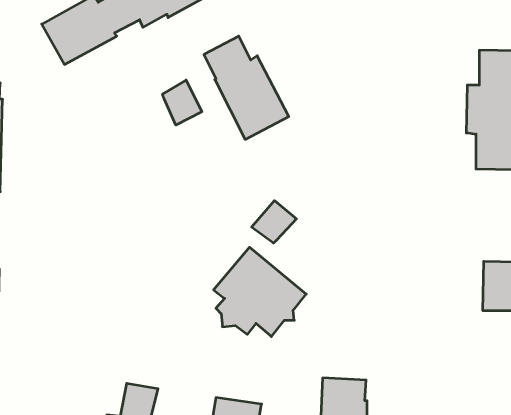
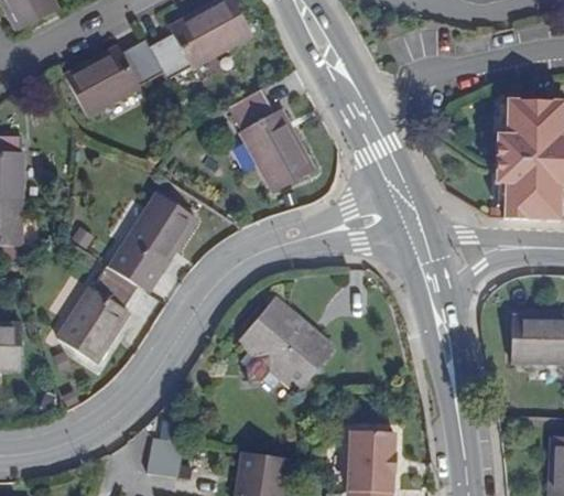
building: [163,80,202,125] -> none
building: none -> [58,191,196,362]
building: [252,201,296,243] -> none

